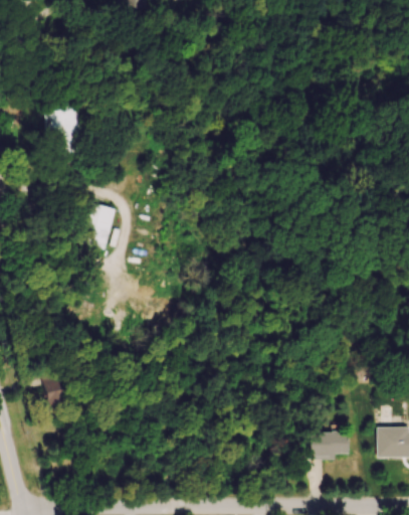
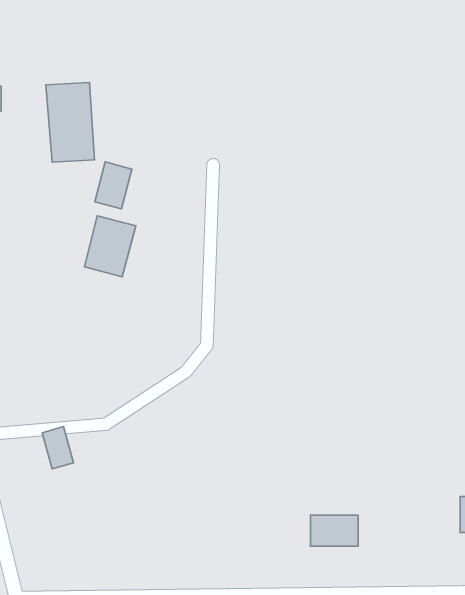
building: none -> [95,162,132,209]
building: [310,432,348,457] -> [311,515,358,546]

